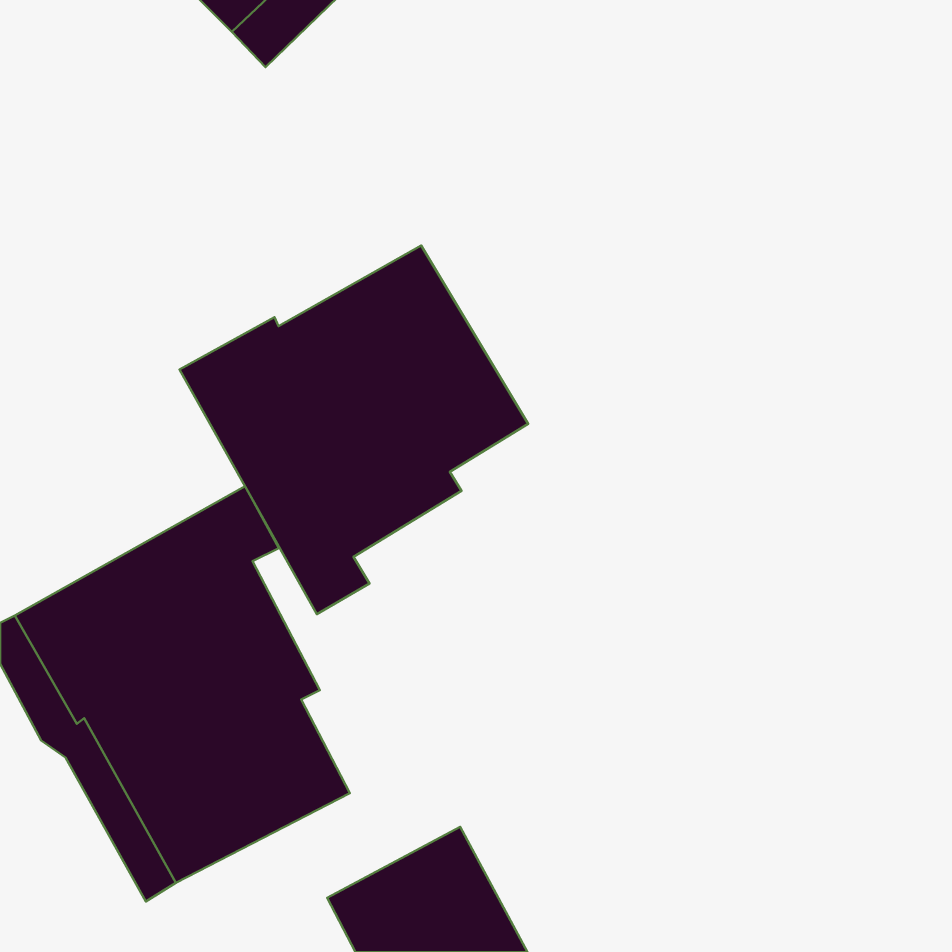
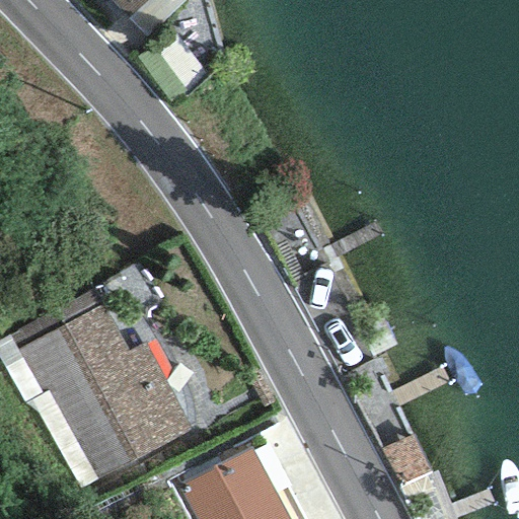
building: [180,245,528,614] -> none

